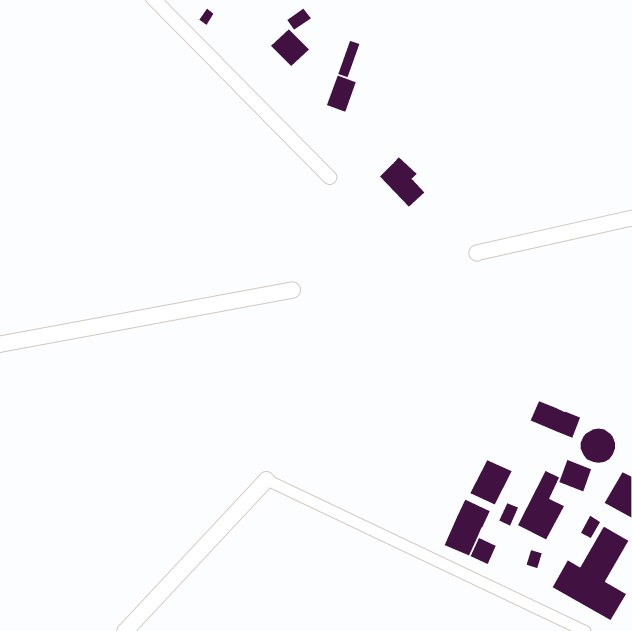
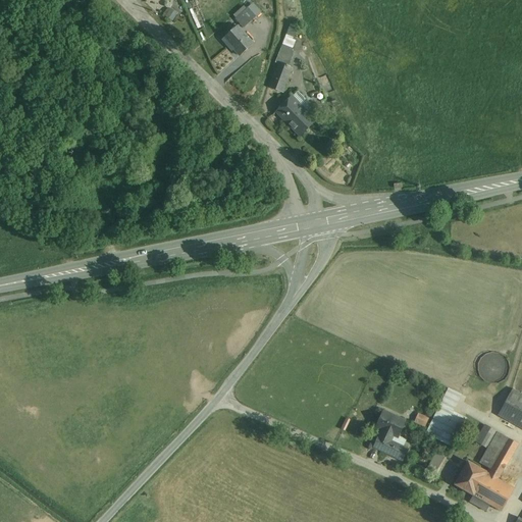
building: [379,157,425,207] -> [275,95,313,137]
building: [529,400,581,439] -> none
building: [558,459,592,493] -> none
building: [469,459,513,505] -> none

